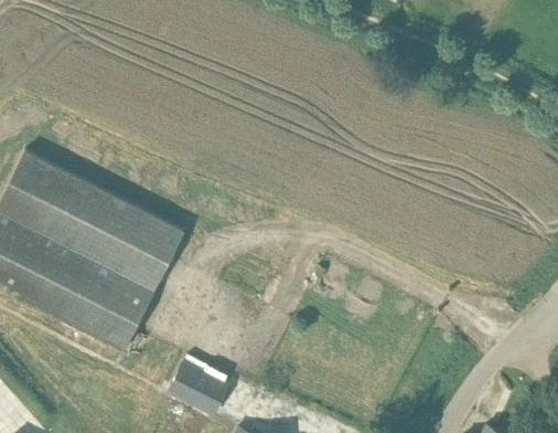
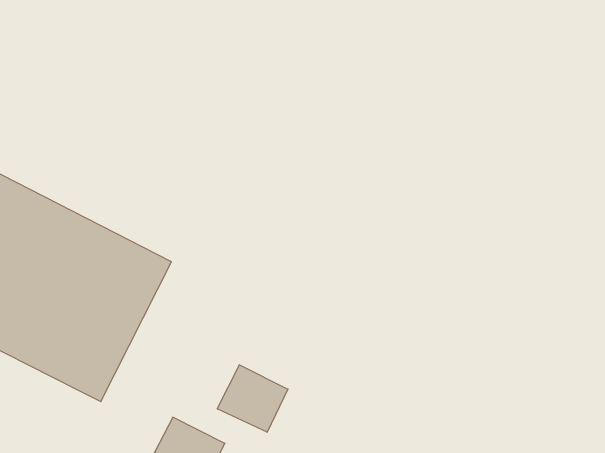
building: none -> [217,365,288,432]

